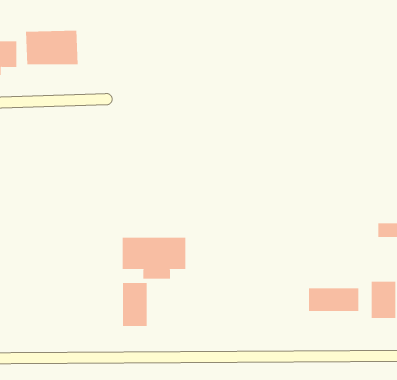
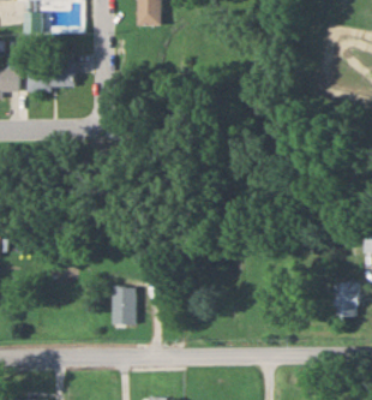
building: [122,237,186,280] -> none
building: [309,287,359,312] -> none

